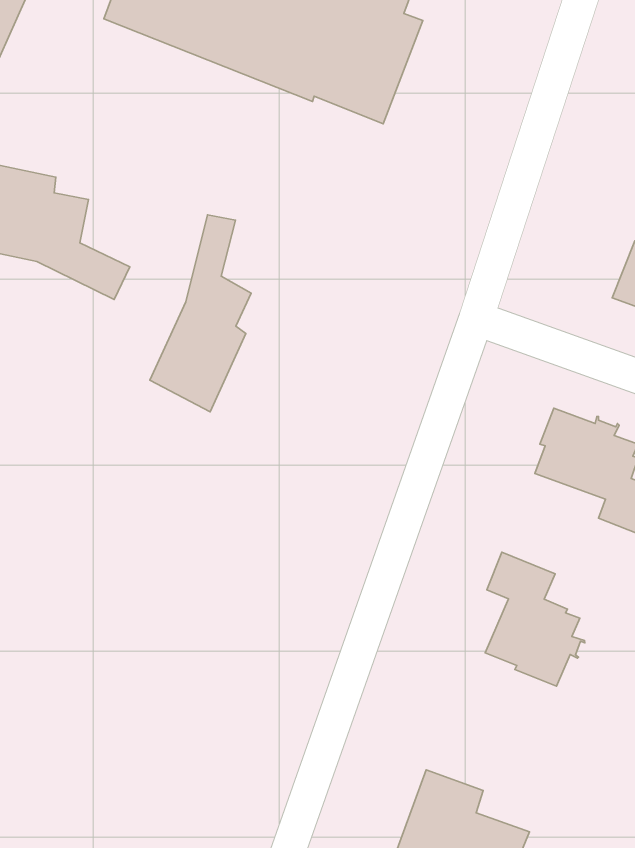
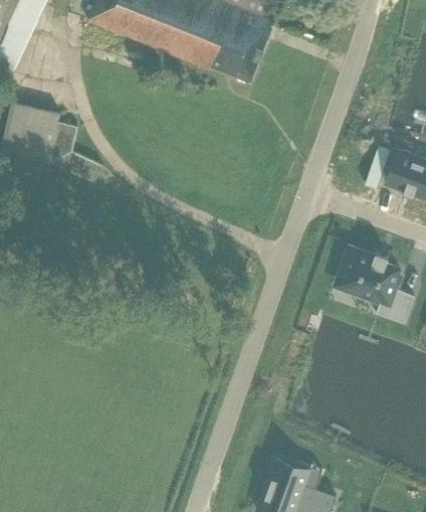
building: [150,215,251,412] -> none
building: [485,552,585,686] -> none

